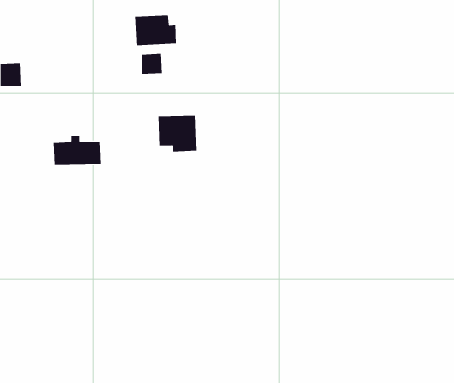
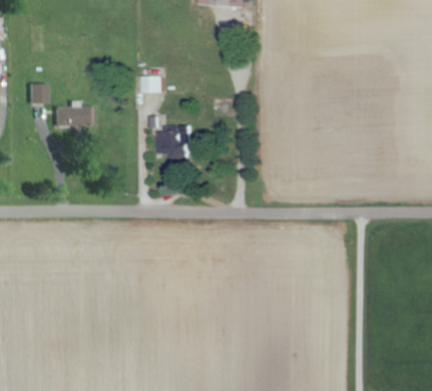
building: [135,14,177,46] -> none
building: [53,135,102,165] -> [51,101,92,126]

